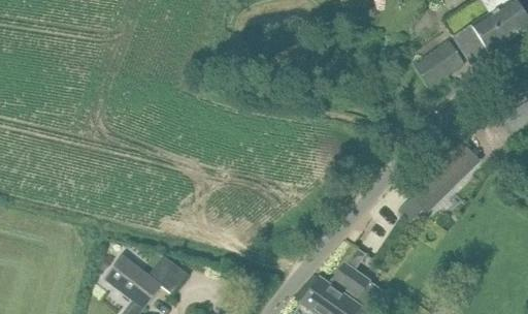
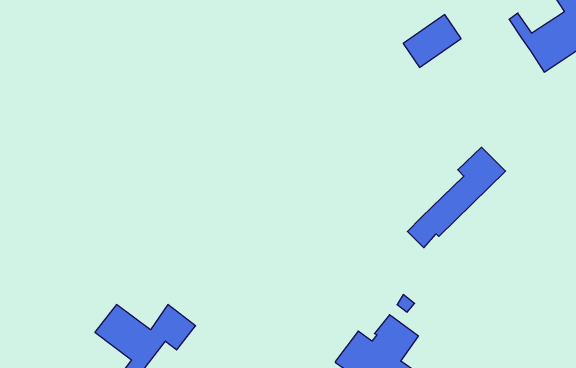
building: [416,42,463,86] -> [403,15,461,67]
building: [398,139,478,222] -> [407,147,506,248]

